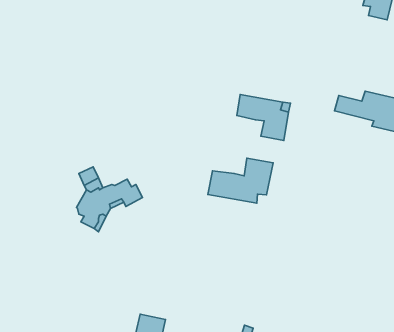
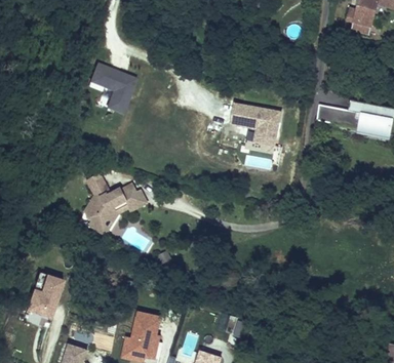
building: none -> [95,66,136,114]
building: [208,158,273,203] -> none
building: none -> [27,273,64,317]

